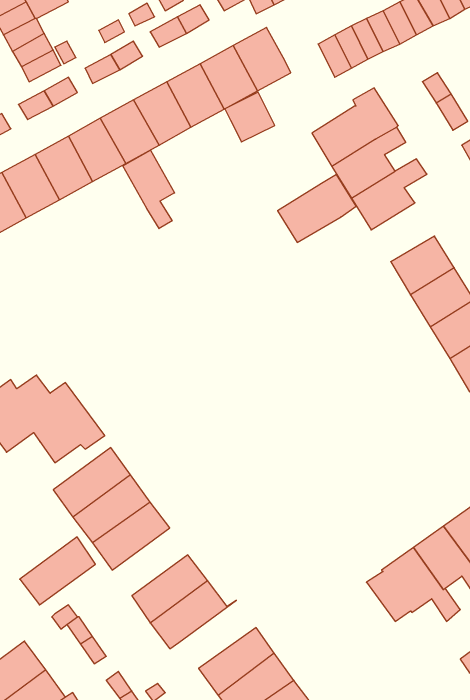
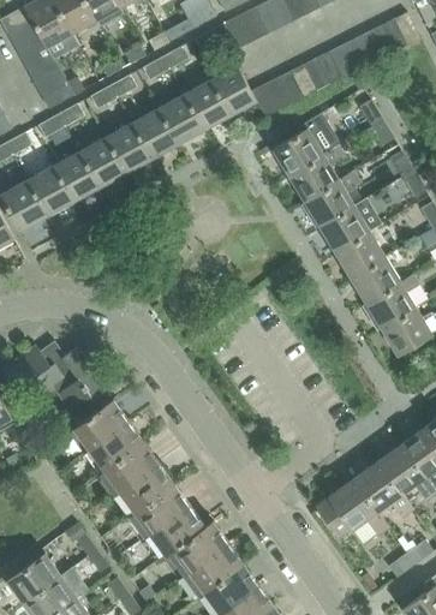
building: [225,92,275,142] -> [250,78,289,118]
building: [123,150,175,229] -> none
building: [278,174,356,242] -> [318,197,381,251]
building: [20,537,95,605] -> [113,462,173,517]
building: none -> [166,520,227,574]

